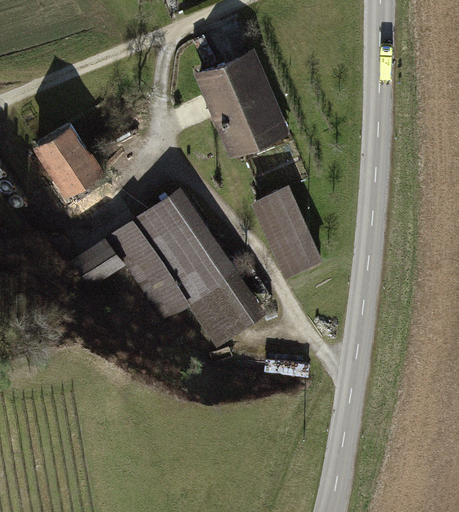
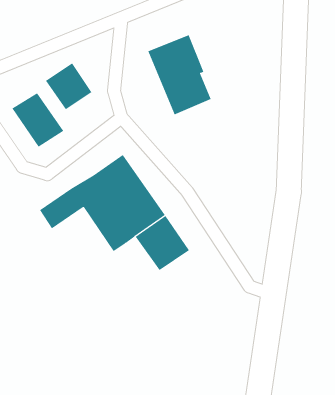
building: none -> [45,62,92,110]
building: [257,190,320,272] -> none

